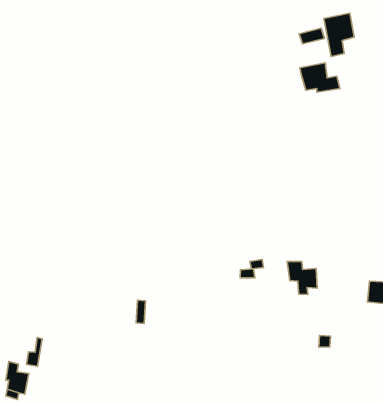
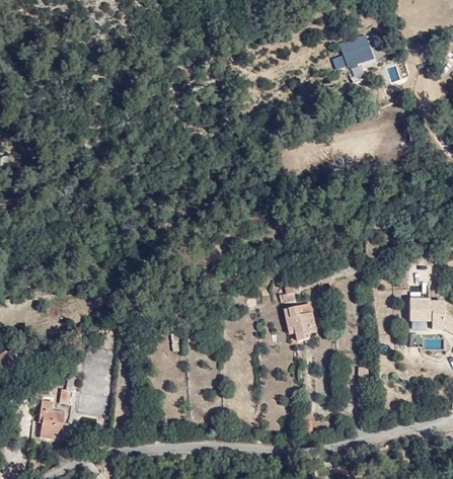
building: [300,63,340,92] -> none
building: [287,261,317,295] -> [280,308,312,341]

